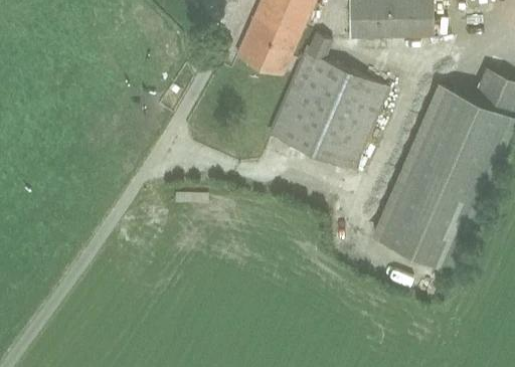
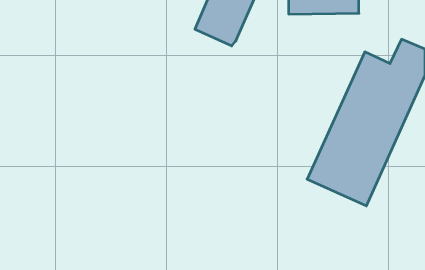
building: [274,36,385,169] -> none

